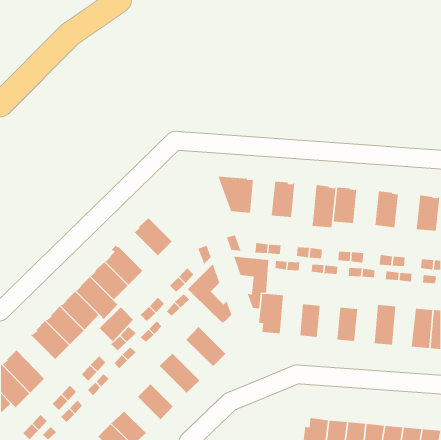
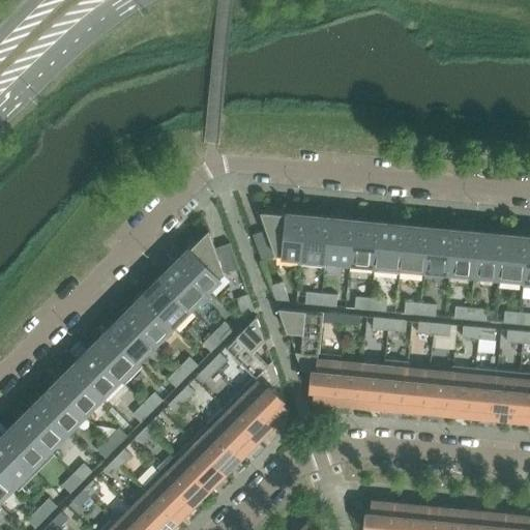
building: none -> [300,215,329,267]
building: none -> [350,220,379,264]
building: none -> [424,228,453,271]
building: none -> [178,231,225,291]
building: none -> [474,233,503,276]
building: none -> [143,279,189,326]
building: none -> [336,355,362,404]
building: none -> [381,360,408,409]
building: none -> [425,366,452,413]
building: none -> [471,369,498,417]
building: [99,307,134,342] -> none
building: none -> [238,377,288,425]
building: none -> [20,403,66,455]
building: none -> [207,409,256,458]
building: none -> [175,440,224,489]
building: none -> [149,477,193,521]

